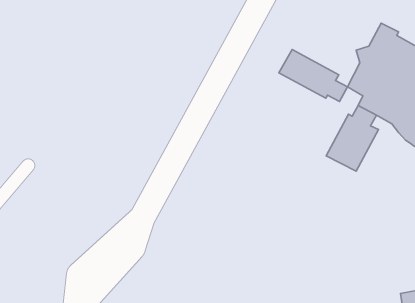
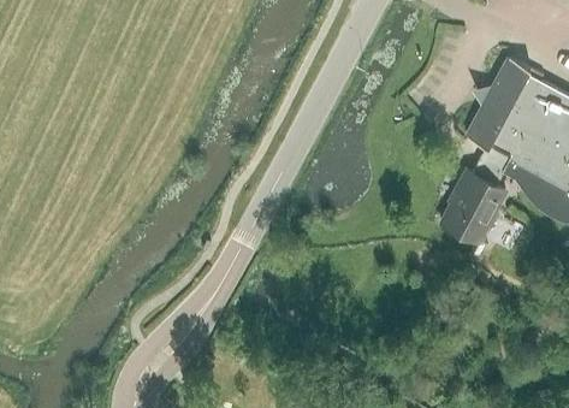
building: [279,50,347,101] -> none

